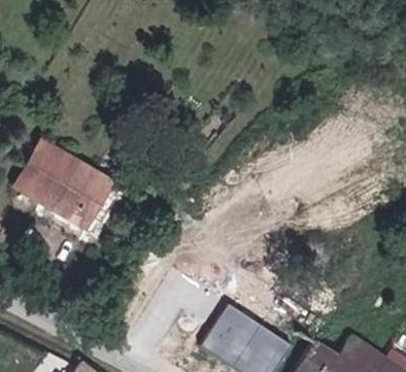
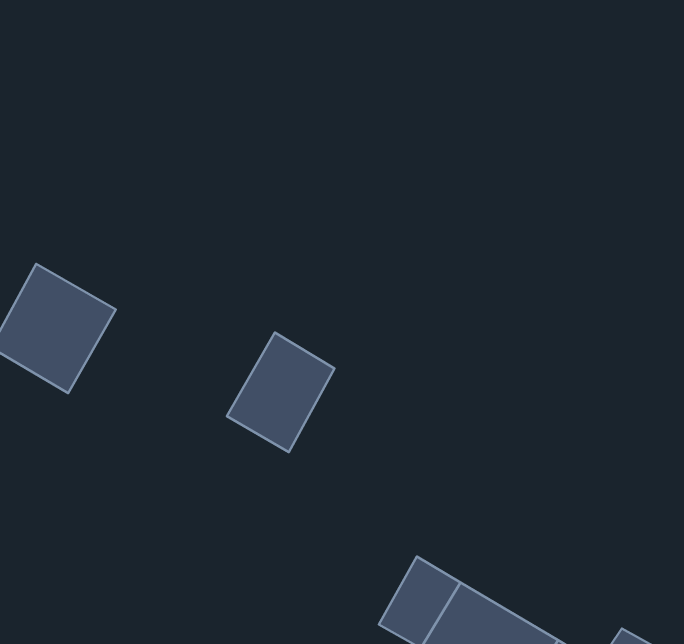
building: [57,169,112,231] -> [227,333,335,452]

